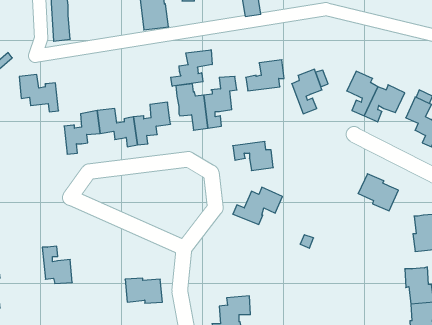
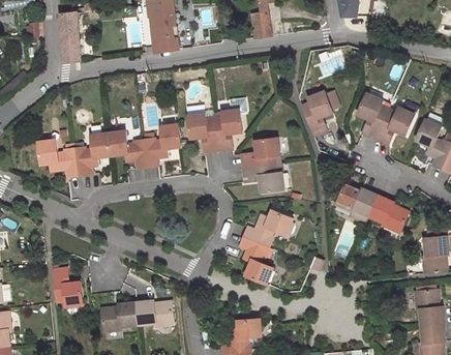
building: [171,50,212,86] -> none
building: [246,60,284,91] -> [241,137,279,168]
building: [19,75,59,112] -> [38,140,78,177]
building: none -> [335,183,378,224]
building: none -> [239,236,273,284]
building: none -> [101,301,138,329]

